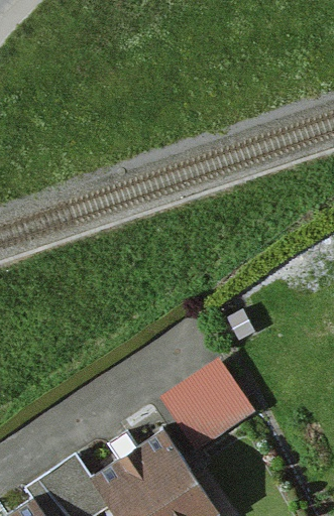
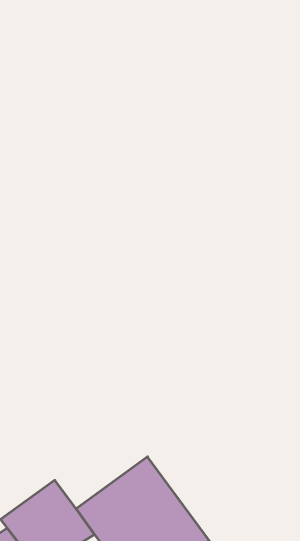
building: [161,365,250,453] -> none

